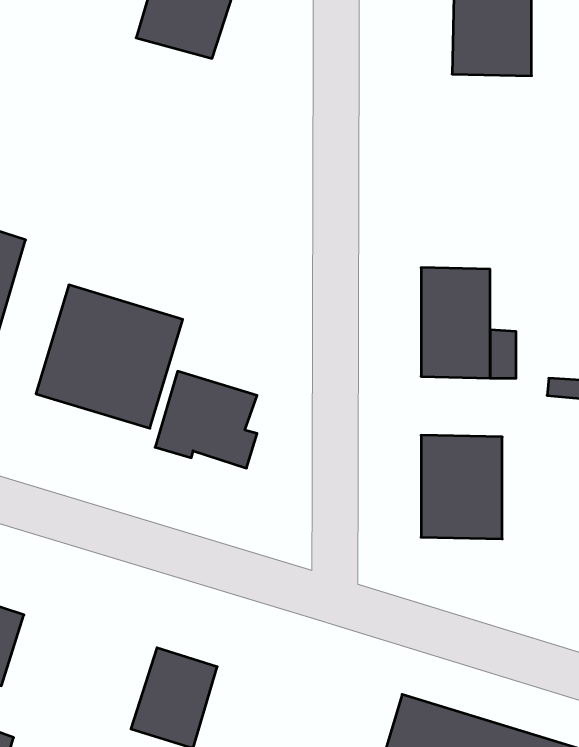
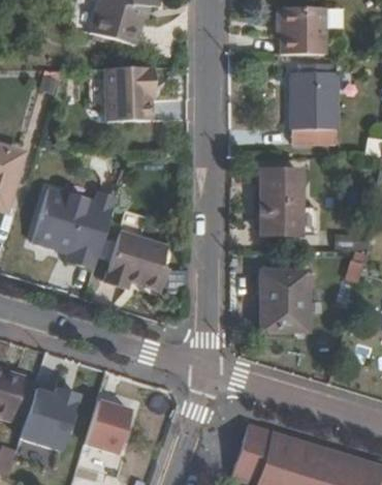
building: none -> [289,63,339,145]
building: none -> [104,65,153,121]
building: none -> [21,382,82,451]

